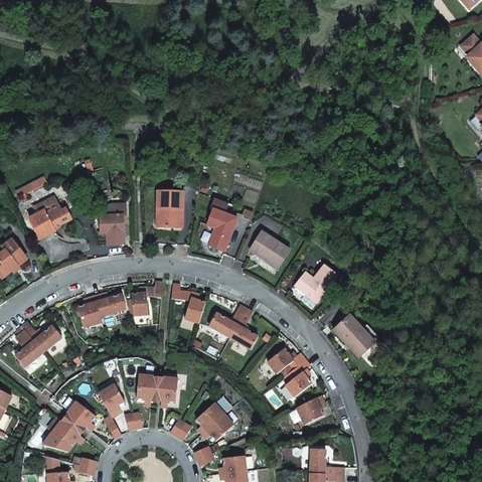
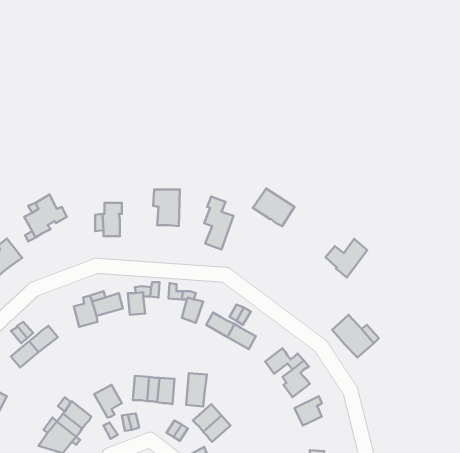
building: [248,231,289,269] -> [253,189,294,226]
building: [295,266,336,304] -> [326,239,367,278]
building: none -> [186,373,207,407]

